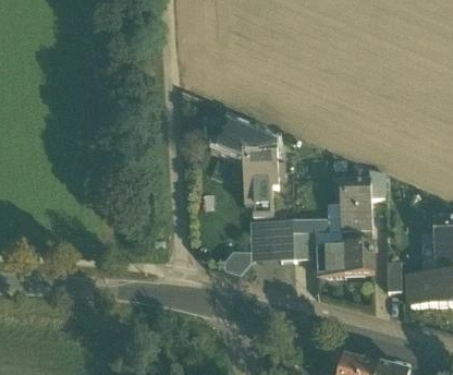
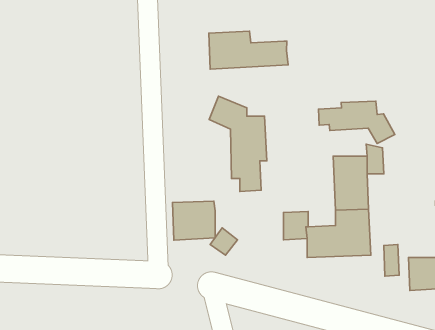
building: none -> [209,31,288,69]
building: none -> [319,101,395,143]
building: [253,222,292,258] -> [173,201,215,240]

